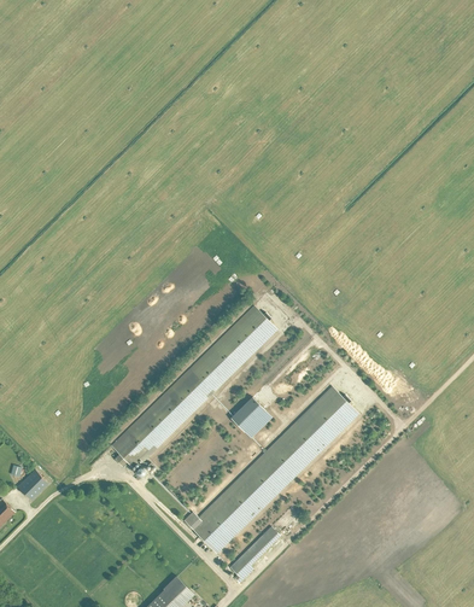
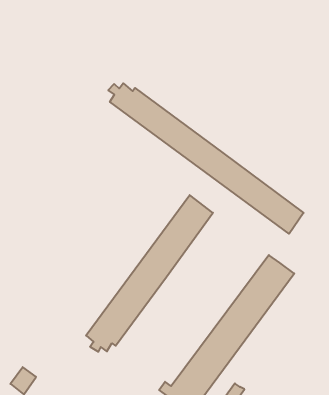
building: none -> [108,83,304,234]
building: [230,398,263,431] -> none

